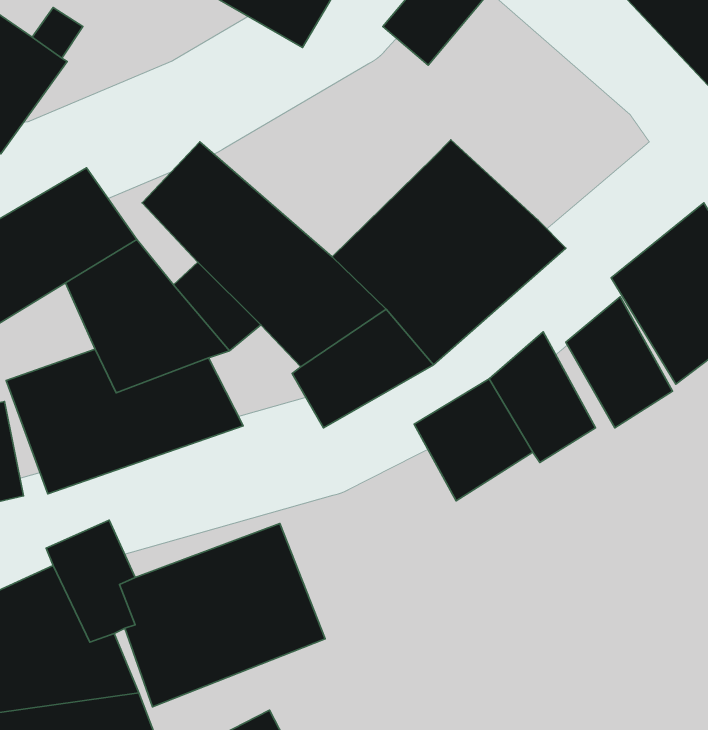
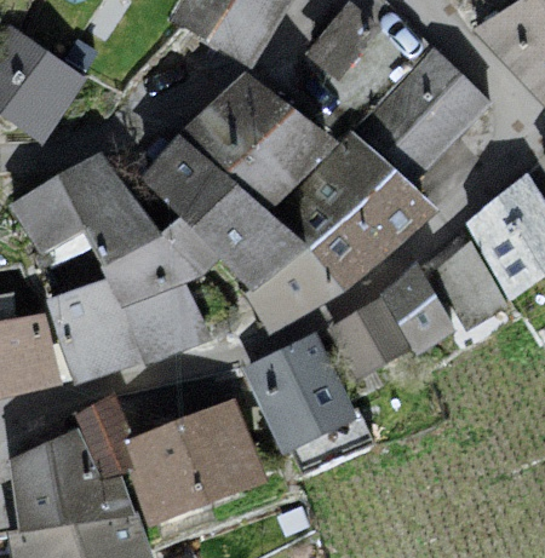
building: none -> [354,47,493,188]
building: none -> [179,70,342,213]
building: none -> [245,338,355,451]

